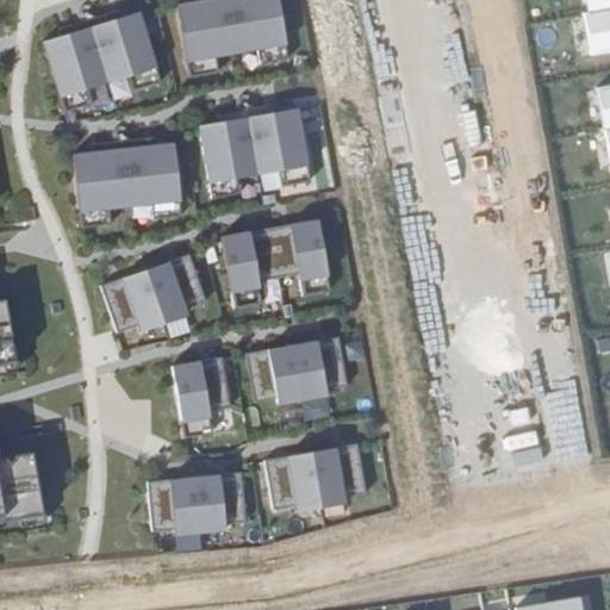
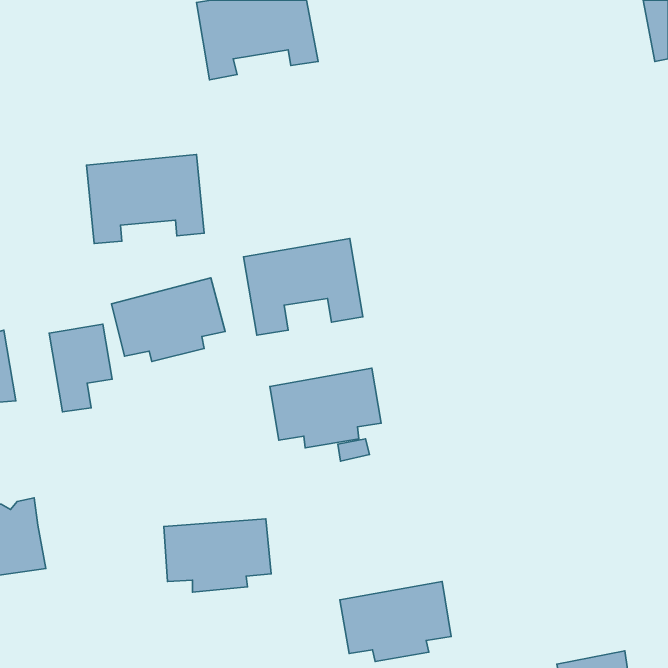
building: [44,11,160,107] -> none
building: [203,107,311,197] -> none
building: [173,356,230,436] -> [49,324,112,412]
building: [264,443,366,516] -> [340,582,451,661]

